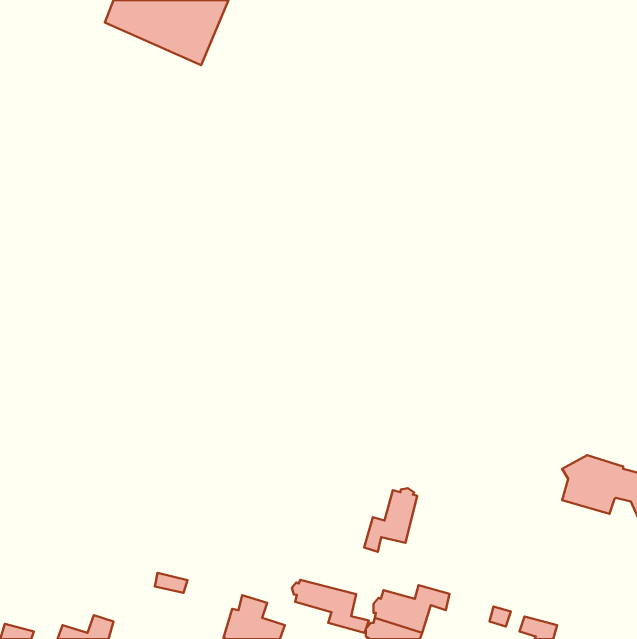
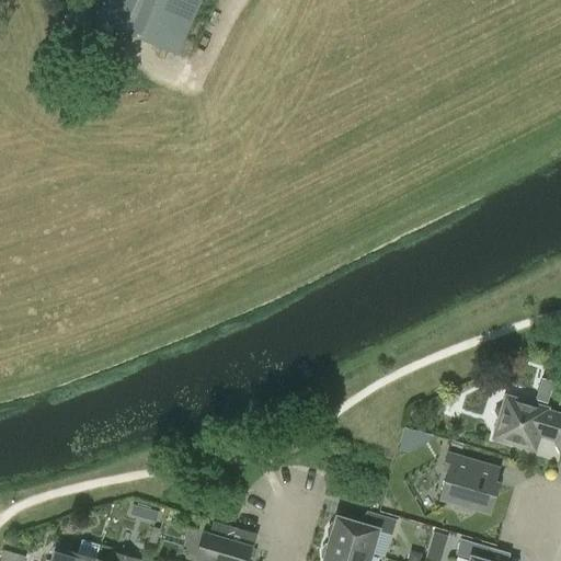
building: [364,488,417,552] -> none
building: none -> [442,455,497,514]
building: [292,580,369,633] -> none

